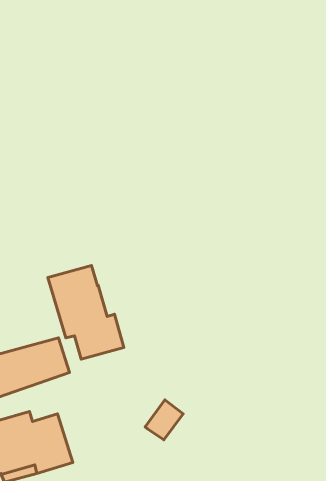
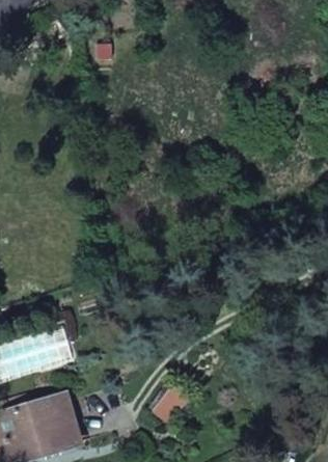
building: [48,265,124,359] -> none

